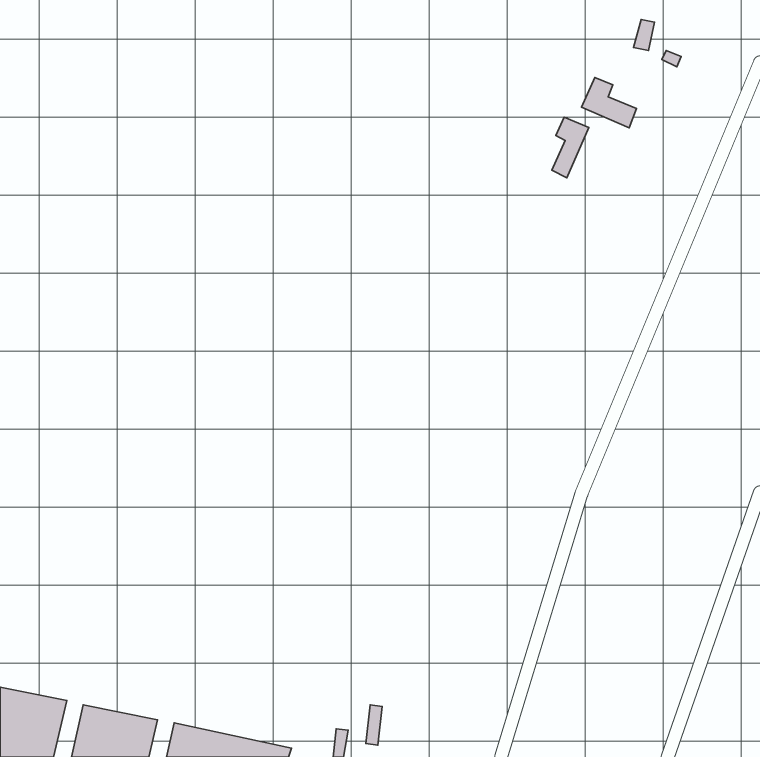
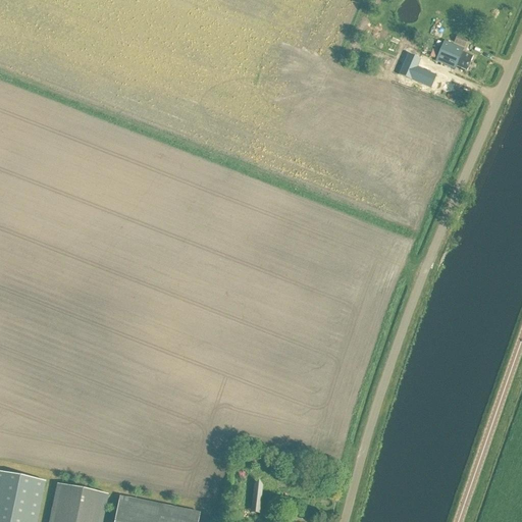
building: none -> [435,40,472,69]
building: [552,117,589,178] -> none

